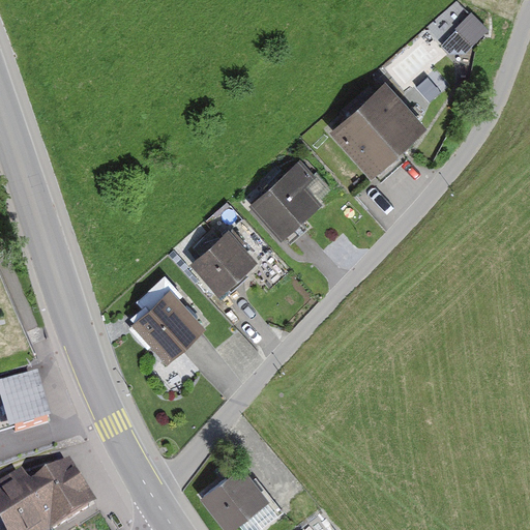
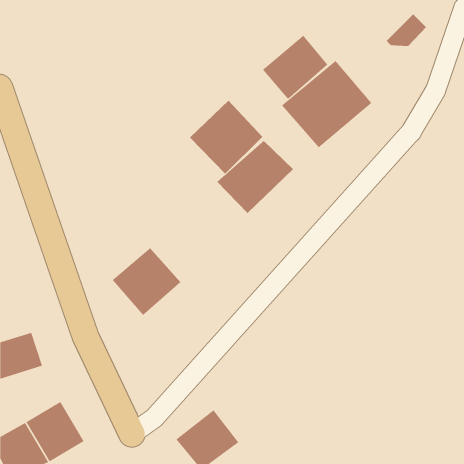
building: none -> [262,35,328,100]
building: none -> [189,100,263,174]
building: [186,226,256,296] -> none

